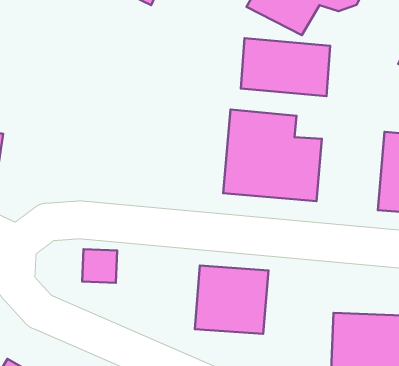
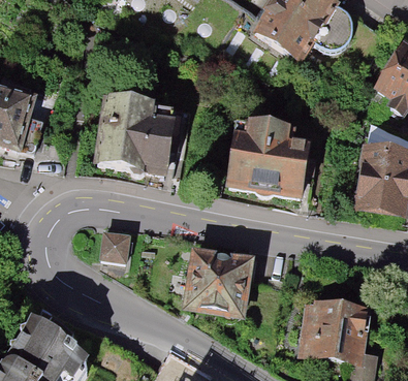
building: [241,38,330,96] -> none
building: none -> [93,98,180,179]

